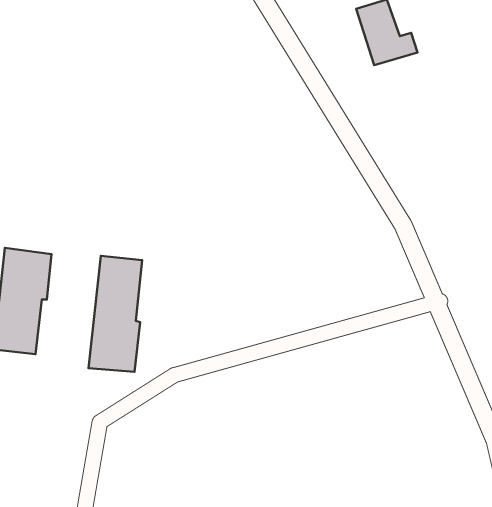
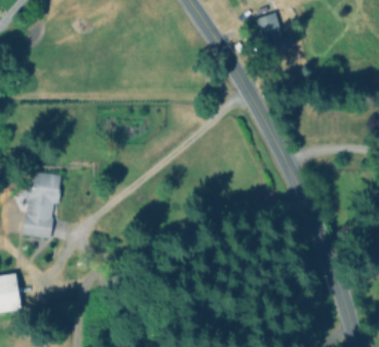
building: [88,256,142,372] -> none

